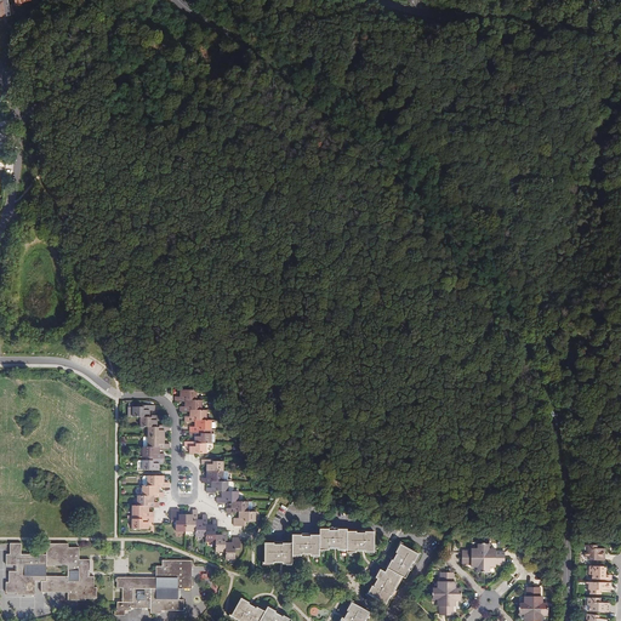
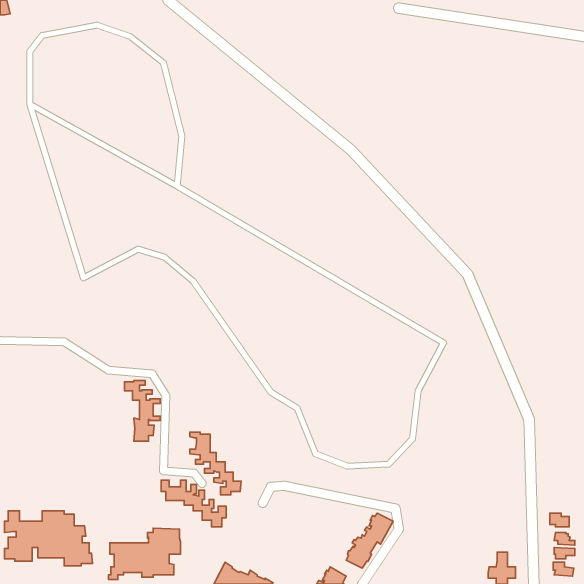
building: [175,388,212,452] -> none
building: [131,473,169,528] -> none
building: [264,530,376,564] -> none
building: [462,542,505,572] -> none
building: [432,571,461,614] -> none

